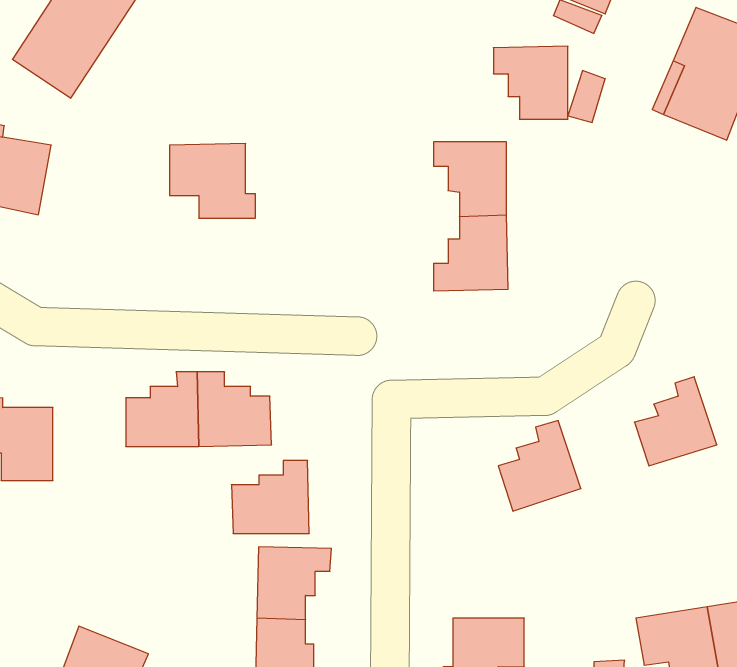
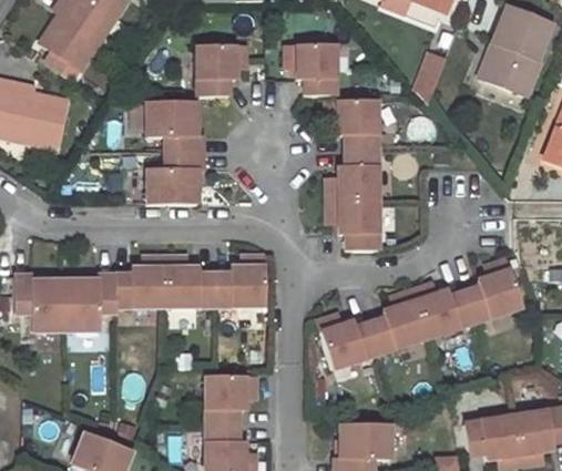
building: [493,46,568,119] -> [287,44,338,94]
building: none -> [196,45,246,95]
building: none -> [146,151,205,203]
building: none -> [327,199,378,252]
building: none -> [67,274,117,330]
building: none -> [412,284,474,336]
building: none -> [317,314,381,367]
building: [231,461,309,533] -> [215,256,268,306]

